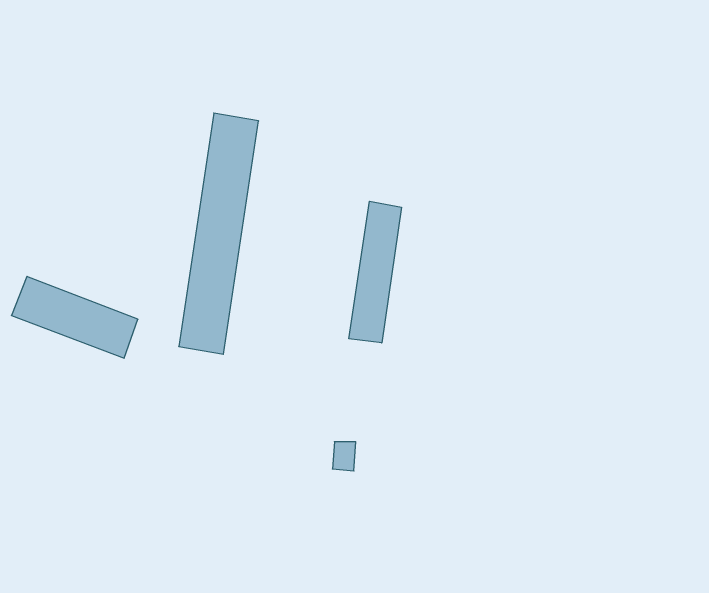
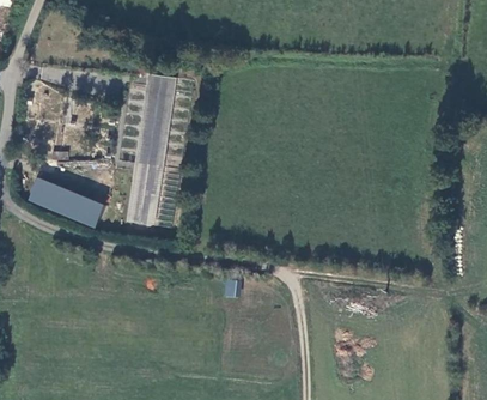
building: [349,201,401,343] -> none

